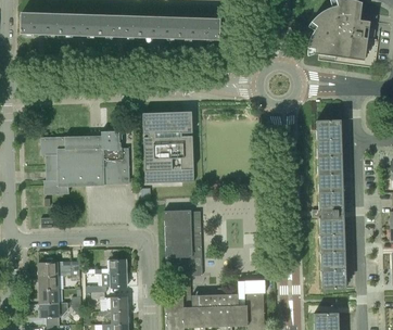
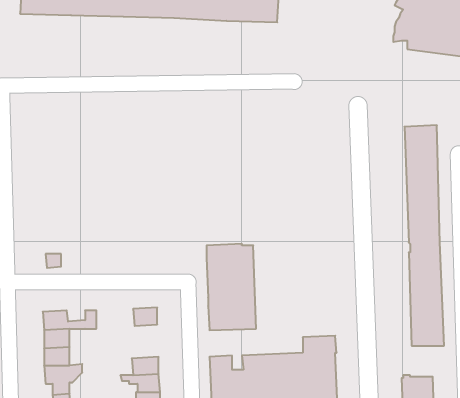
building: [143,111,194,182] -> none
building: [40,130,129,194] -> none
building: [85,271,127,292] -> none

